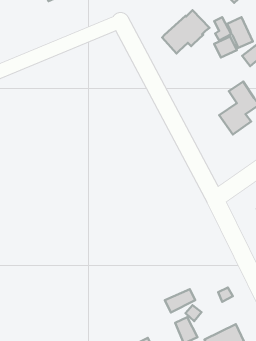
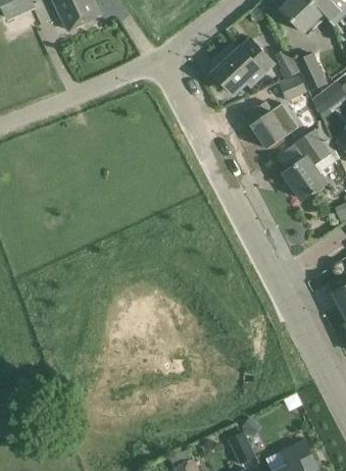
building: none -> [251,101,299,149]
building: [165,289,195,313] -> none

